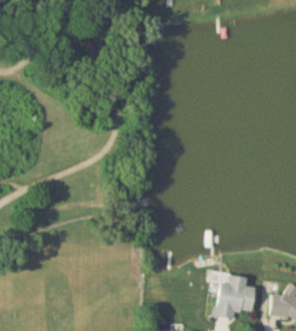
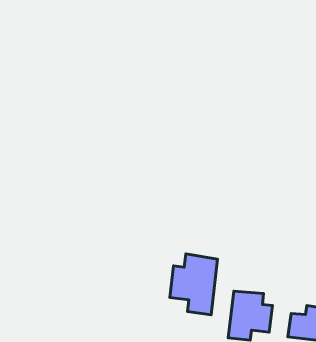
building: none -> [170,254,218,315]

